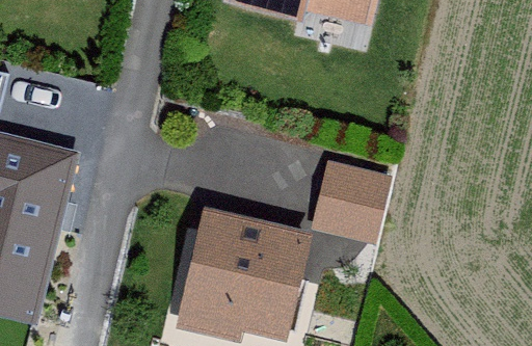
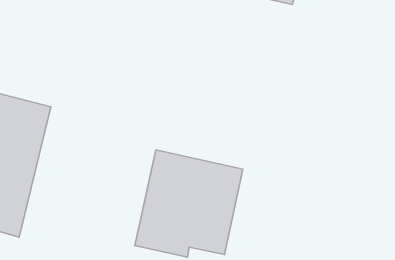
building: [313,158,392,241] -> none

